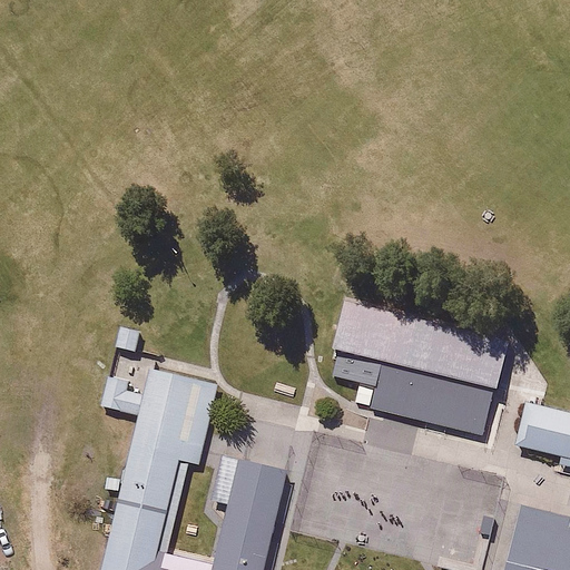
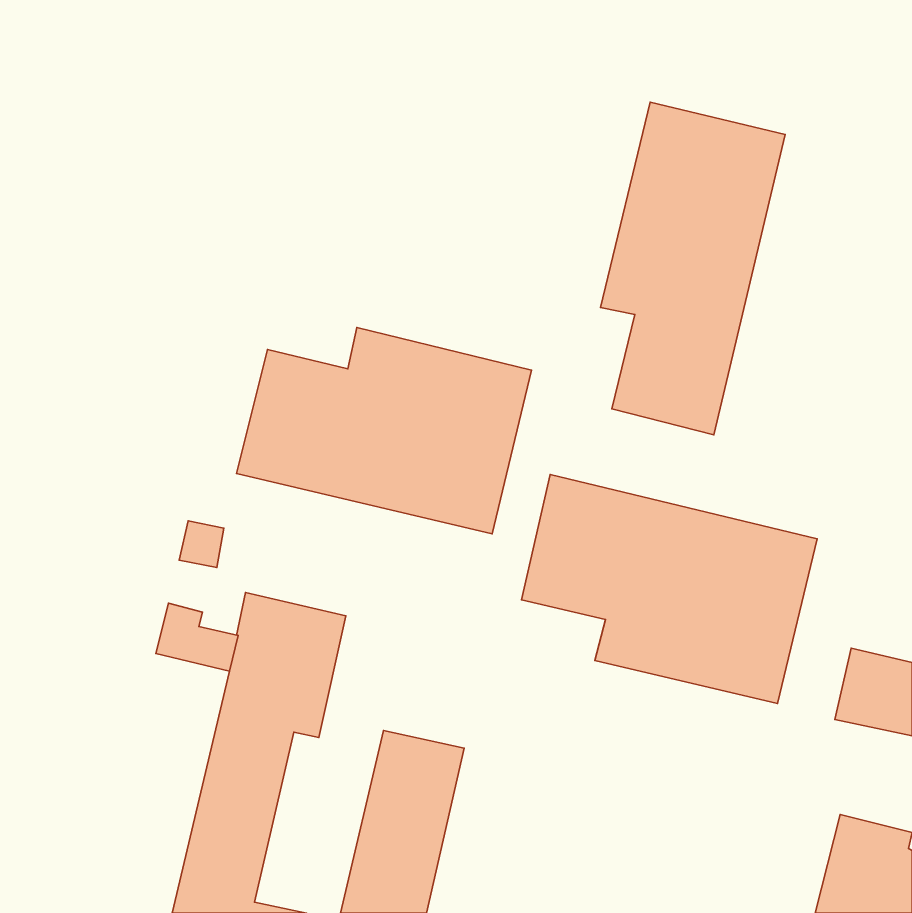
building: none -> [601,102,785,435]
building: none -> [236,328,531,534]

